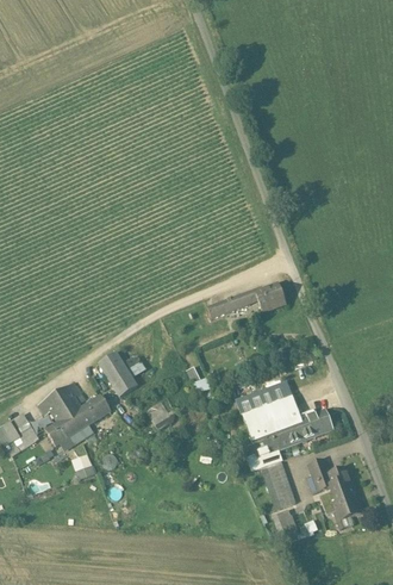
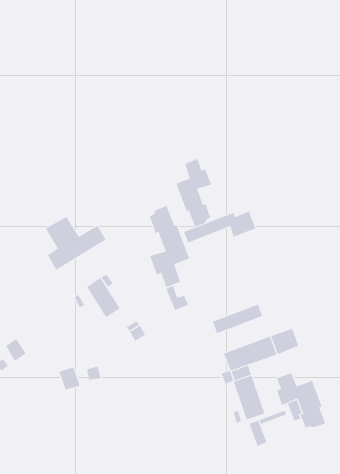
building: none -> [176,158,212,227]
building: none -> [149,205,190,288]
building: [46,391,113,449] -> [45,216,107,271]
building: [242,396,300,436] -> none

